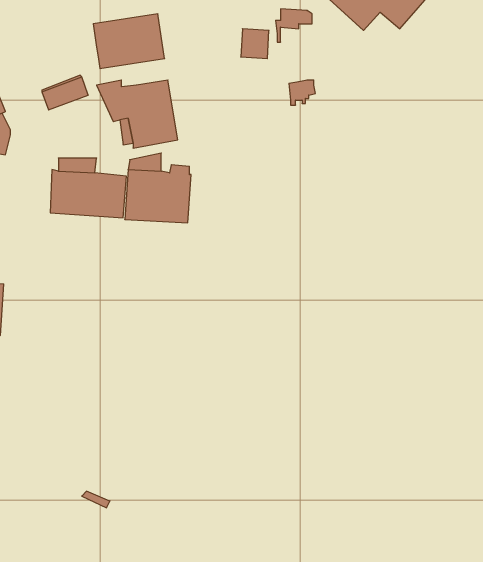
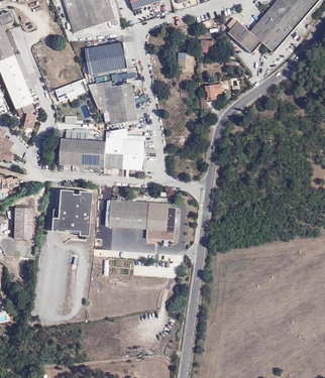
building: none -> [49,191,90,238]
building: none -> [110,201,177,240]

